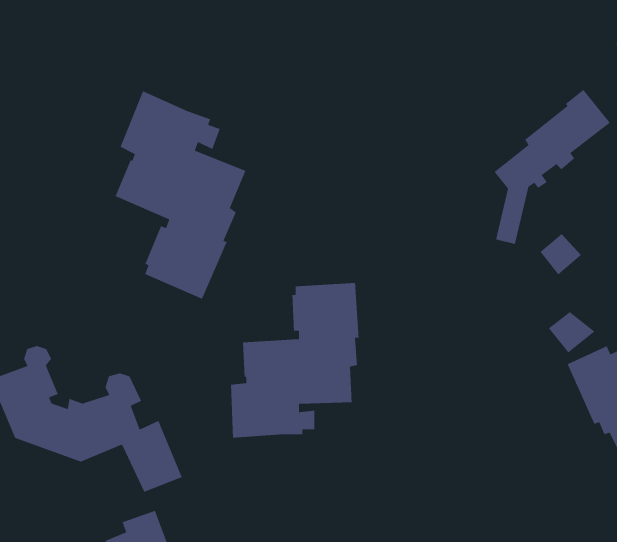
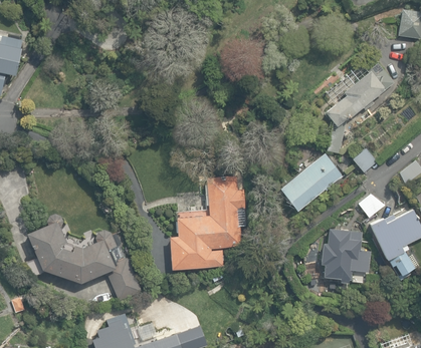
building: [114,90,247,300] -> none
building: none -> [279,153,343,211]
building: none -> [321,228,372,283]

